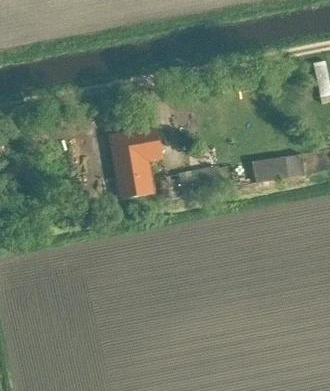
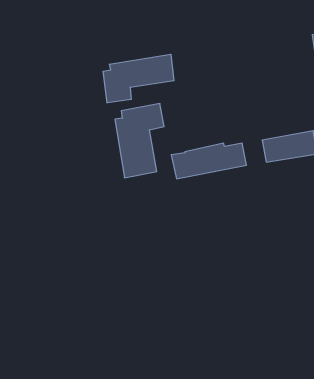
building: none -> [103,54,174,103]

